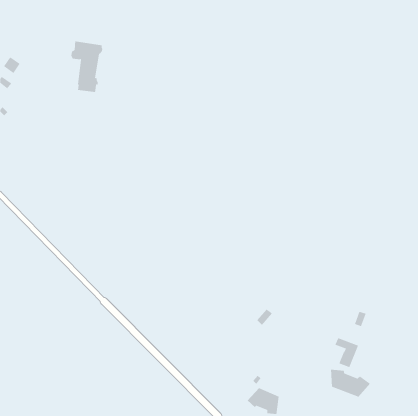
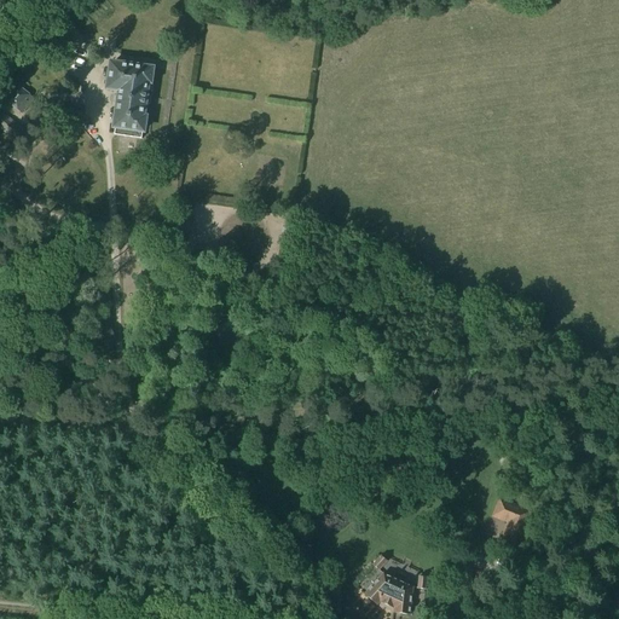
building: [331,369,371,398] -> none

